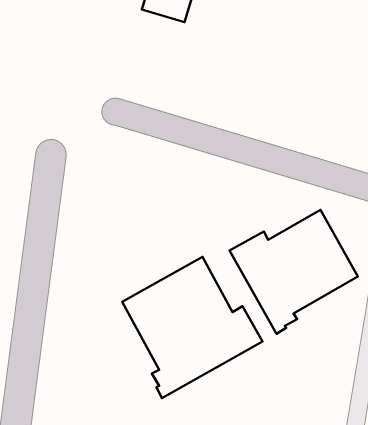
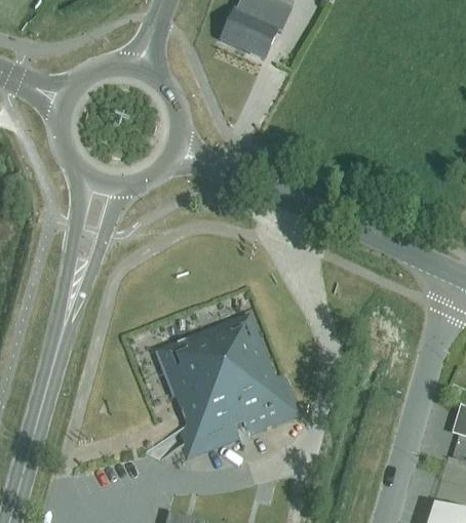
building: [230,210,358,334] -> none

